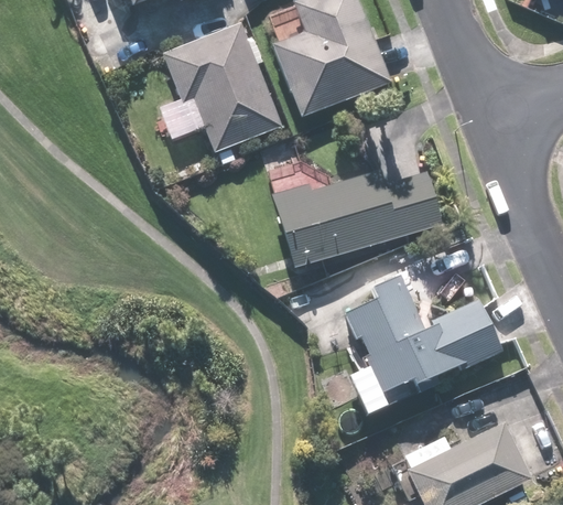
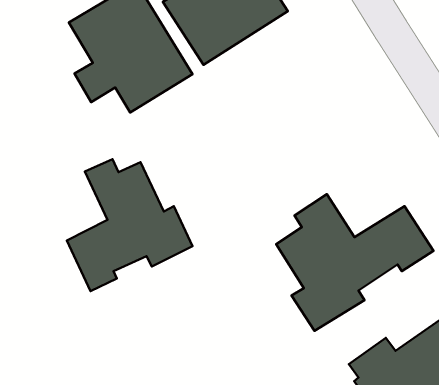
building: [273,169,444,266] -> none
building: none -> [67,159,192,291]

